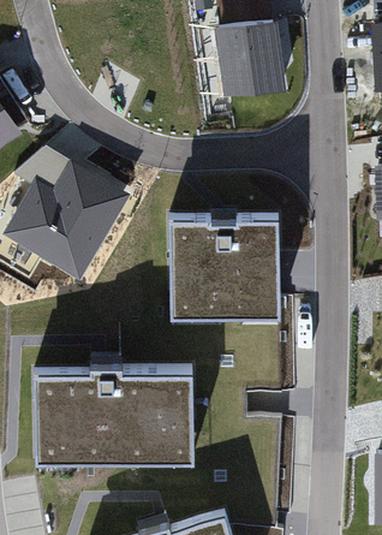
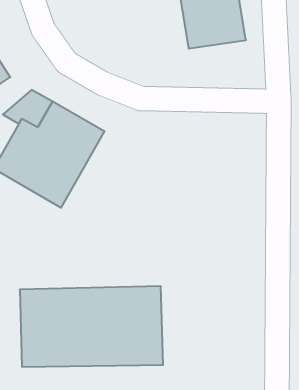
building: [169,218,279,315] -> none

